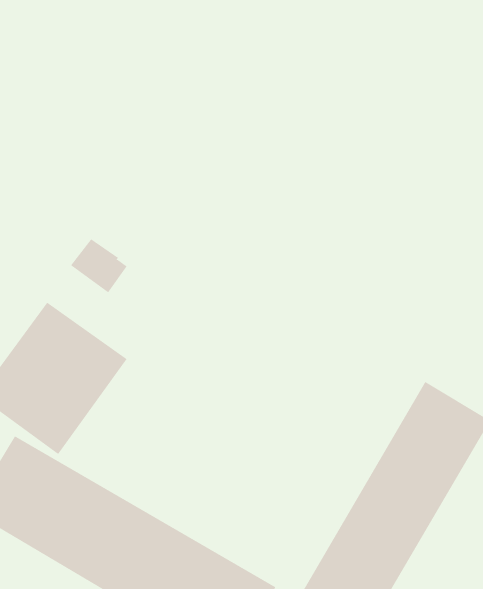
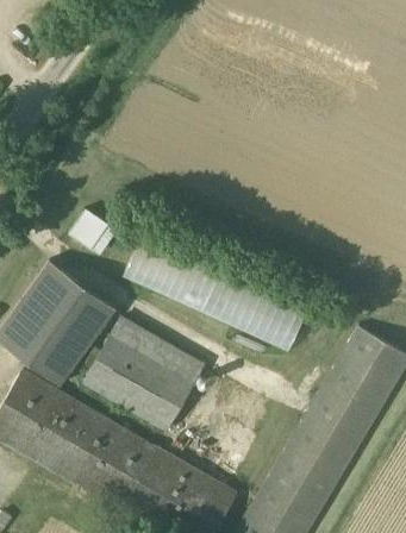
building: none -> [118,236,306,347]
building: none -> [82,314,206,431]

